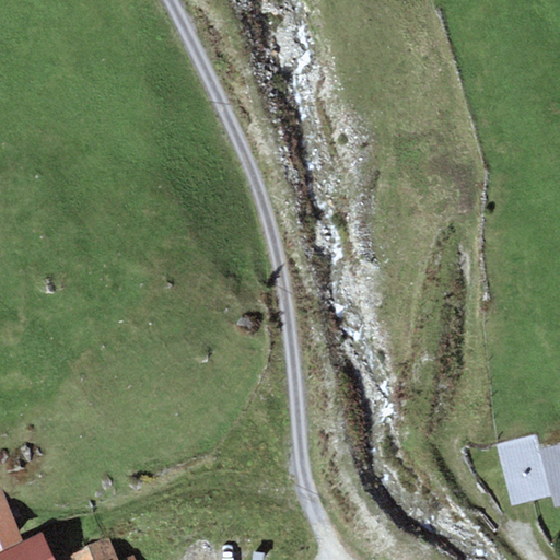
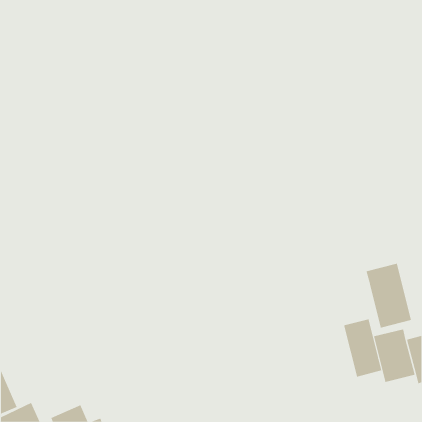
building: none -> [366,263,412,329]
building: none -> [344,318,382,377]

